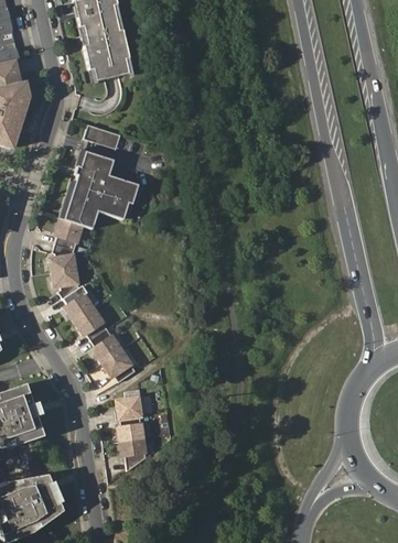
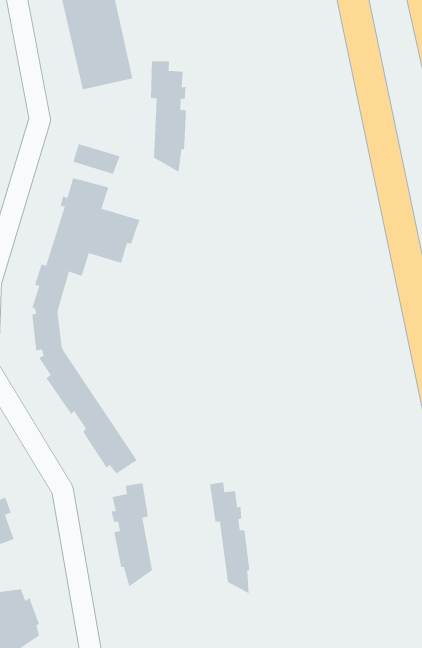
building: none -> [150,60,186,173]
building: none -> [209,482,250,594]

